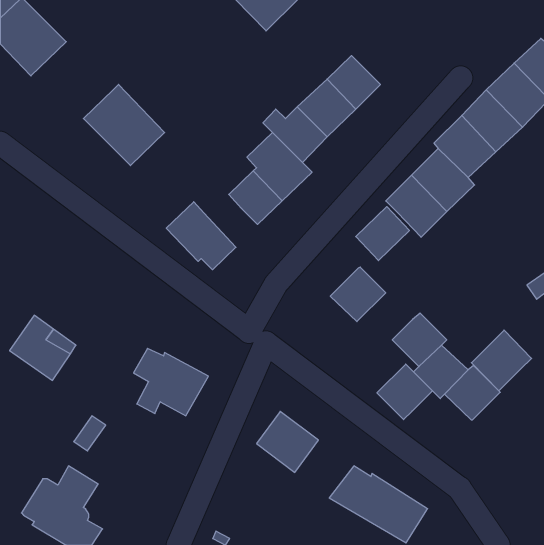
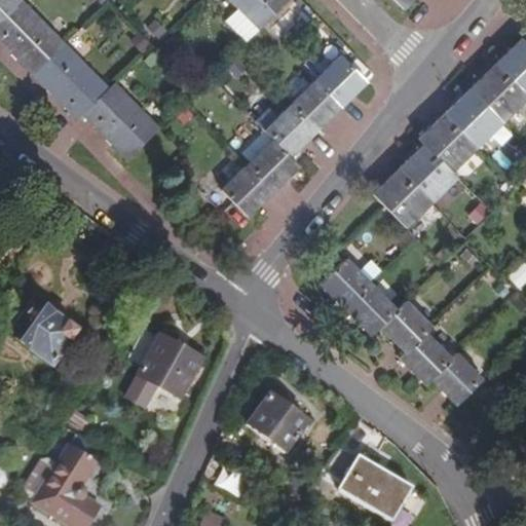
building: none -> [32,40,111,117]
building: [166,202,236,270] -> none
building: [356,207,409,261] -> none
building: [471,330,532,391] -> none
building: [377,364,432,420] -> [345,281,399,335]

